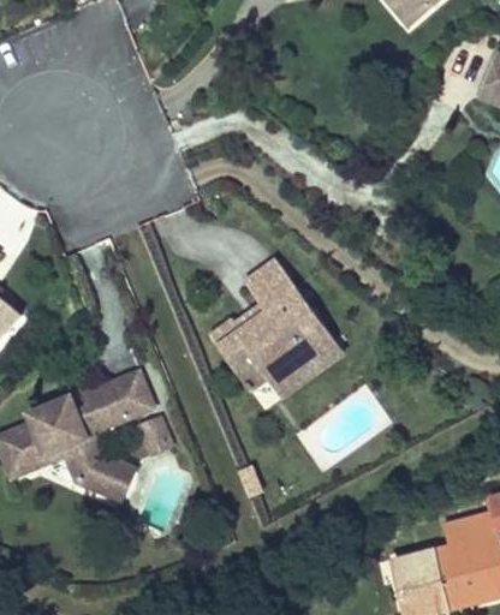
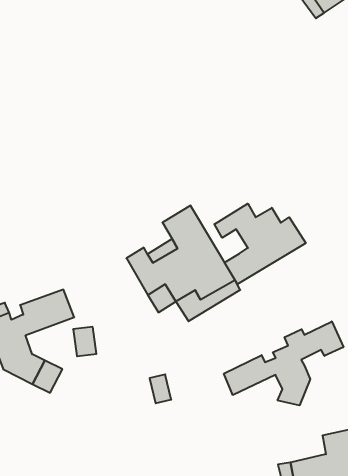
building: none -> [214,204,306,284]
building: none -> [224,321,343,405]

